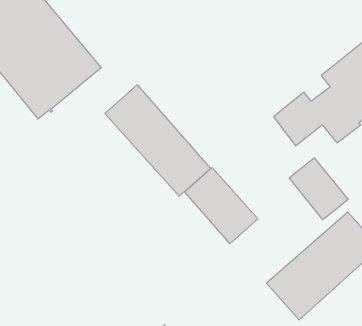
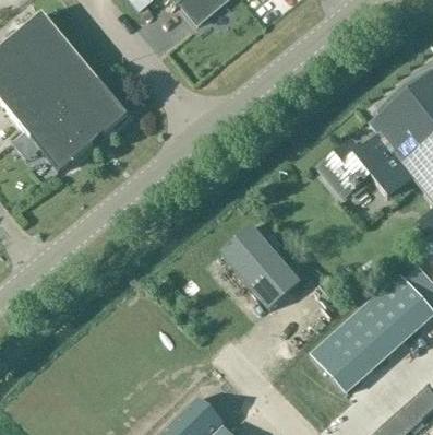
building: [105,85,210,196] -> none
building: [289,158,348,220] -> none

